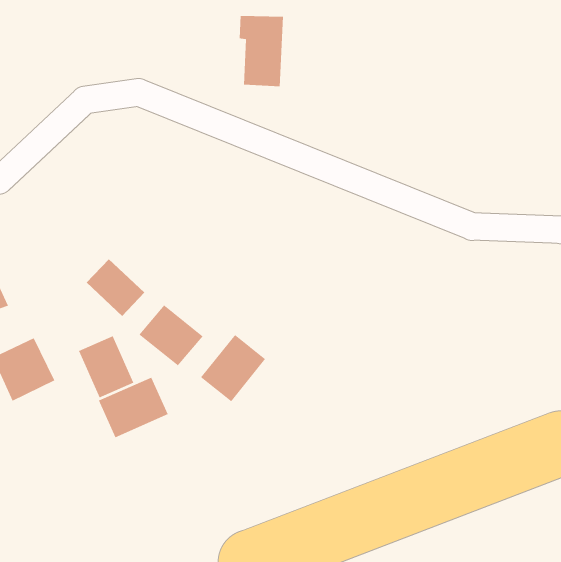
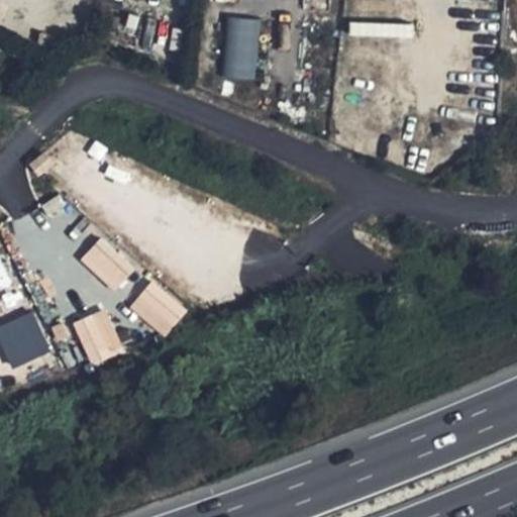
building: [200,334,266,402] -> none
building: [98,377,169,438] -> none

